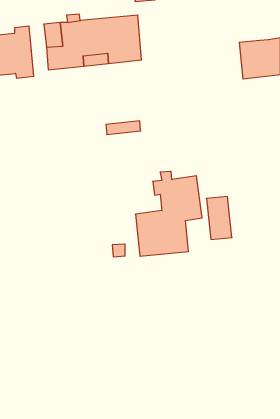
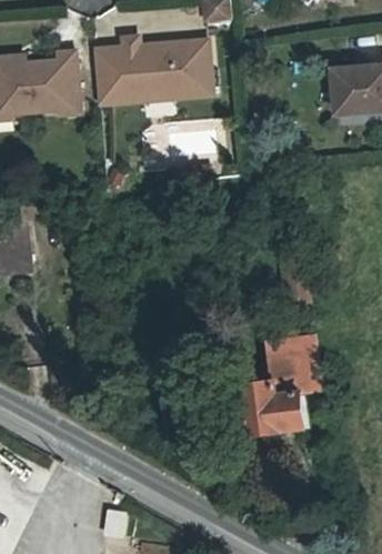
building: [135,171,202,256] -> [251,333,332,436]

